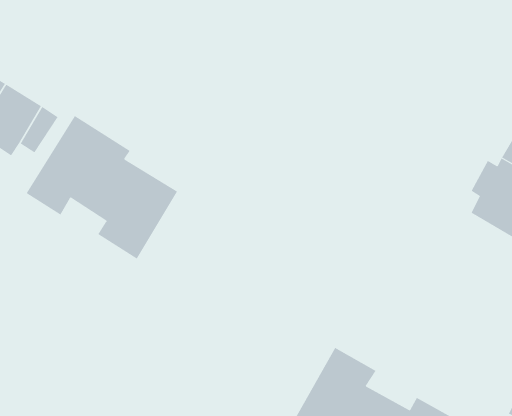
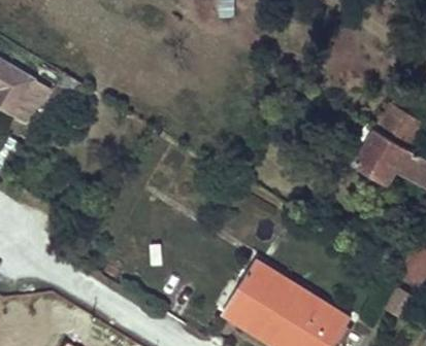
building: [26,115,178,260] -> none

